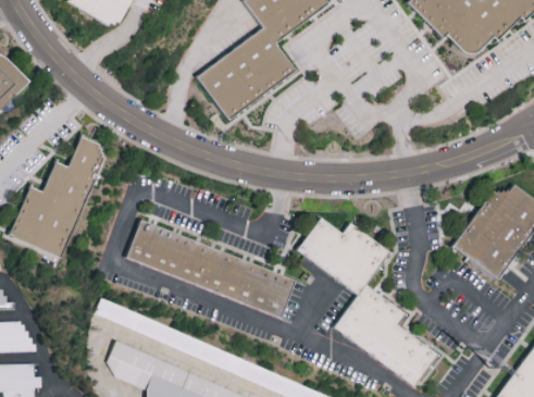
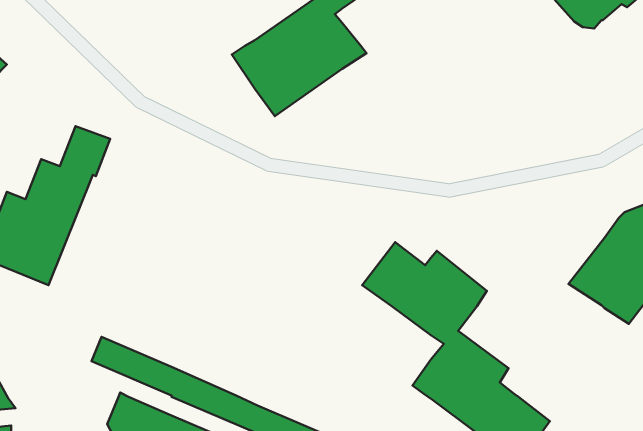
building: [127,222,295,318] -> none

